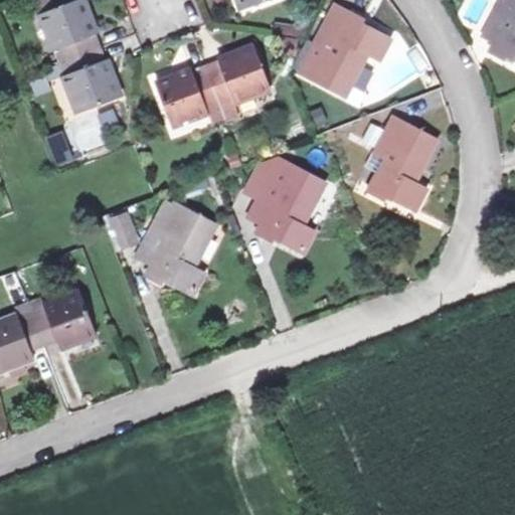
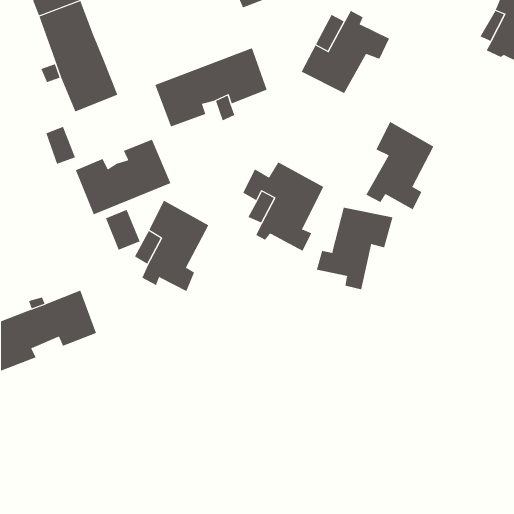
building: none -> [75,139,171,215]
building: none -> [316,207,393,290]

